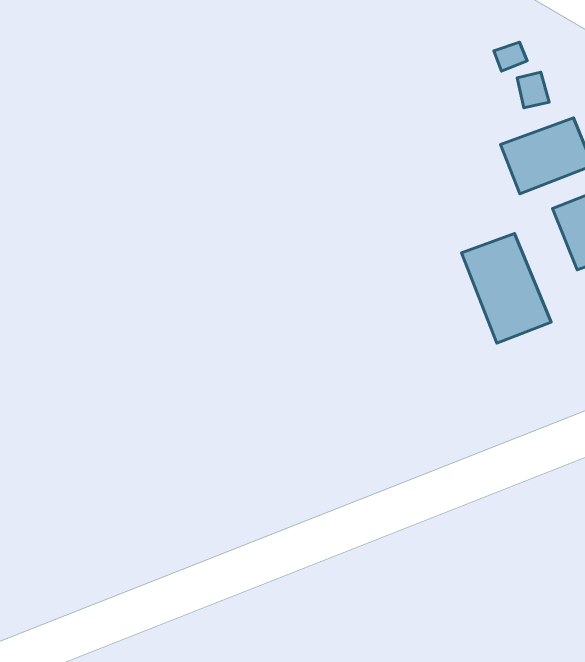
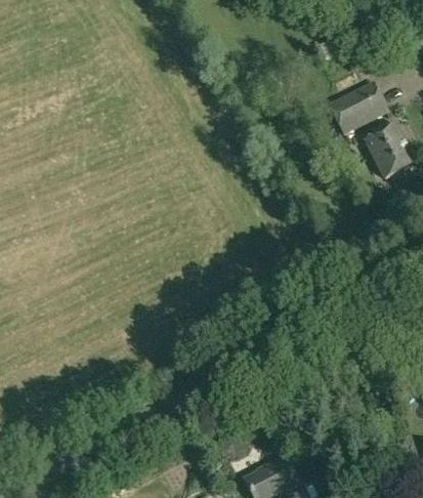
building: [461,233,551,343] -> none

